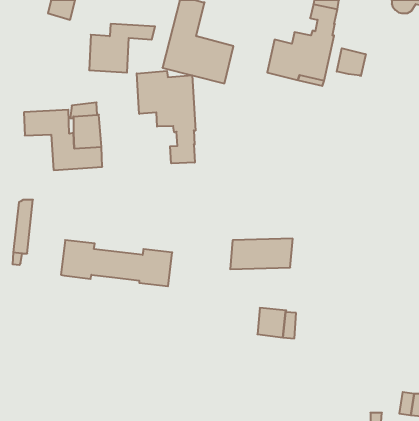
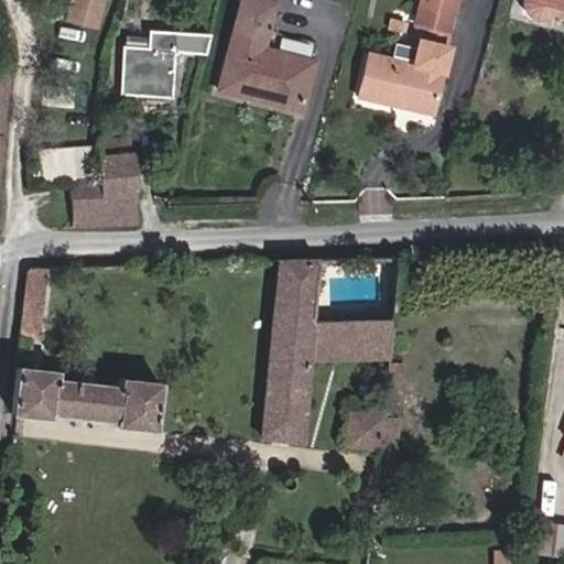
building: [337,48,366,76] -> none
building: [137,71,195,163] -> none
building: none -> [262,259,319,442]
building: [61,240,172,286] -> [12,368,161,430]

